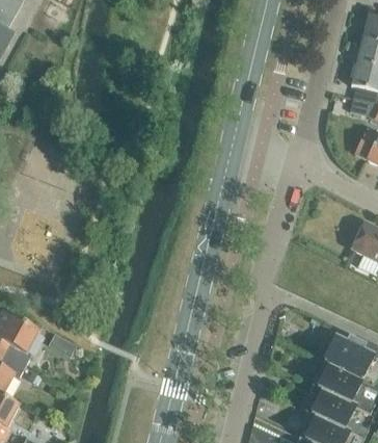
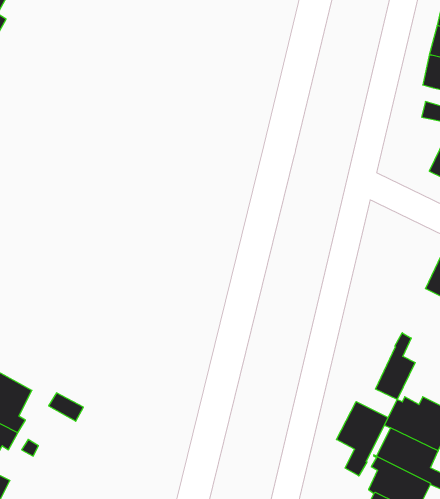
building: none -> [375,333,415,399]
building: none -> [336,402,388,476]

